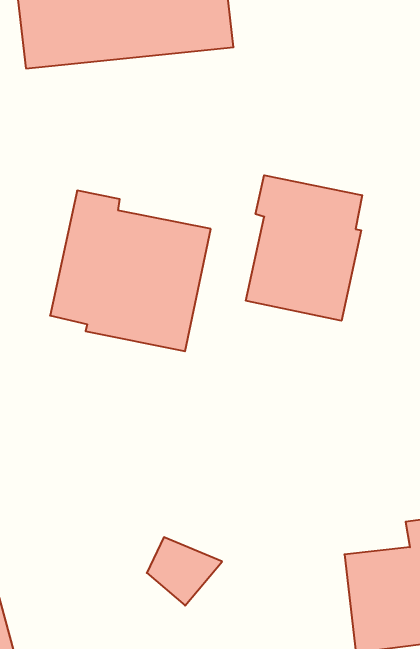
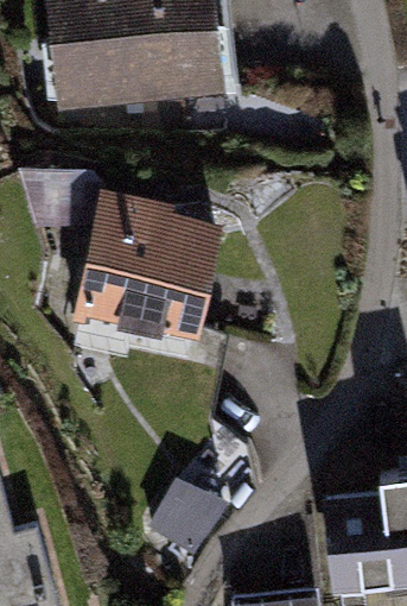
building: [246,175,362,321] -> none

